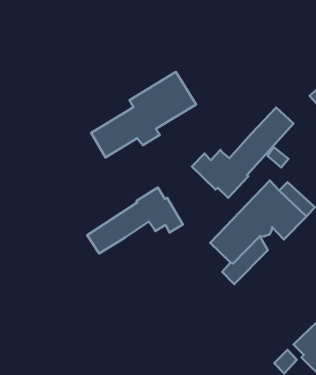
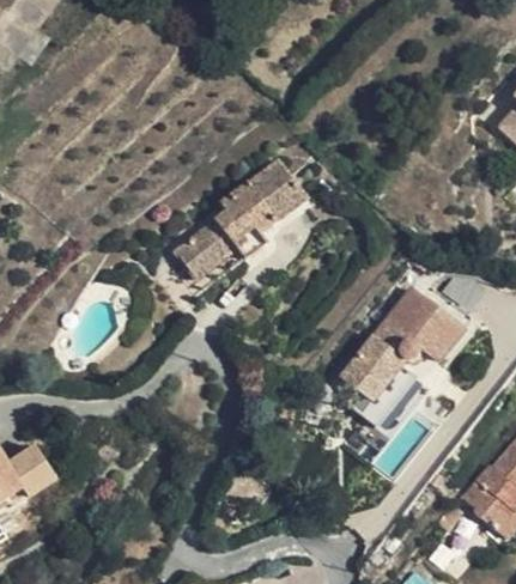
building: [192,108,293,198] -> none
building: [87,187,183,253] -> none

